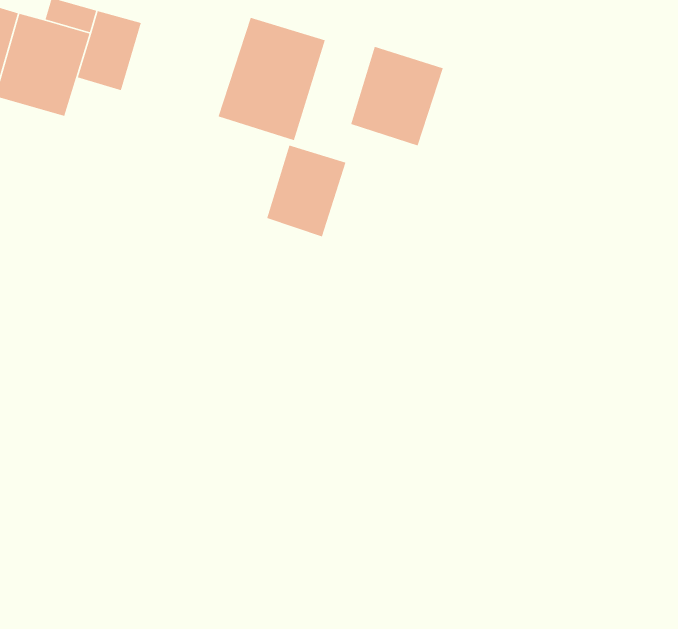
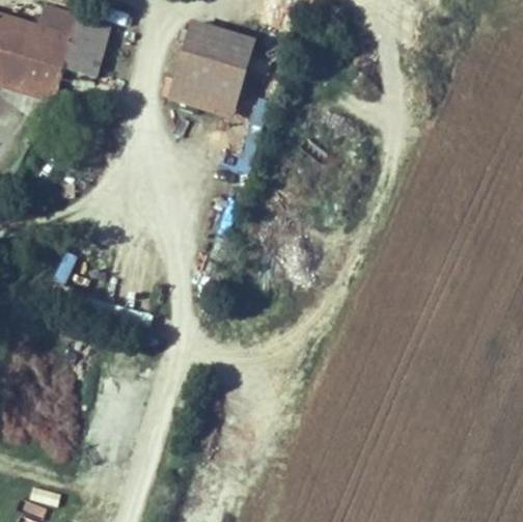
building: [350,46,444,147] -> none
building: [266,145,346,237] -> none

